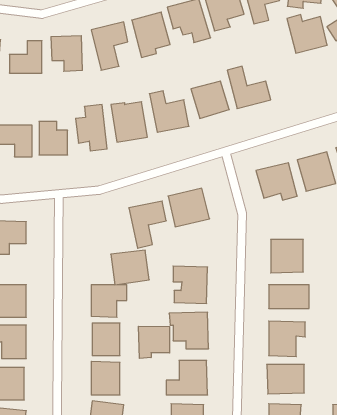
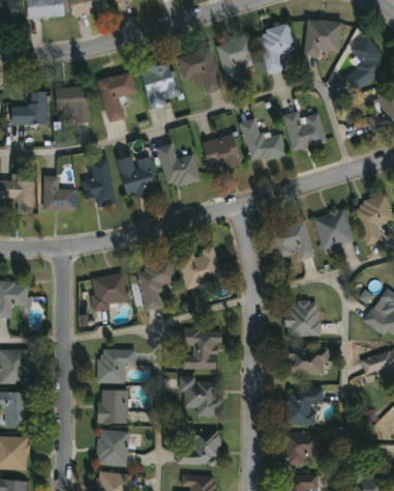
building: [287,15,327,53] -> [283,111,326,151]
building: [111,250,149,285] -> [89,273,129,310]
building: [139,326,170,358] -> none

